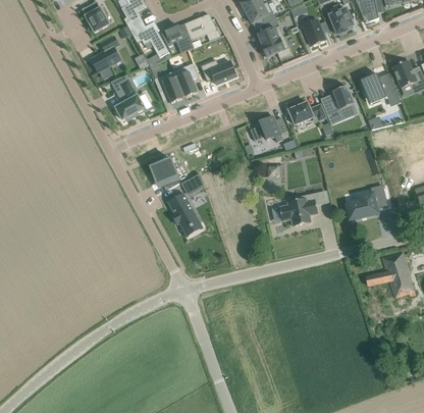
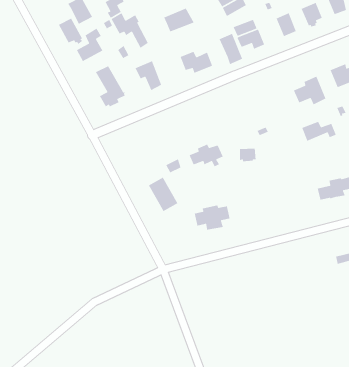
building: [161,23,194,52] -> none
building: none -> [58,17,83,45]
building: none -> [219,33,243,65]
building: [172,61,196,96] -> none
building: [288,102,326,124] -> [301,121,337,142]
building: [250,116,287,142] -> [188,143,224,167]
building: [150,156,182,190] -> none
building: [279,198,318,225] -> [194,204,230,230]

